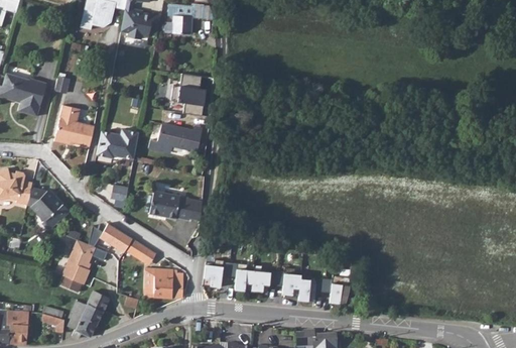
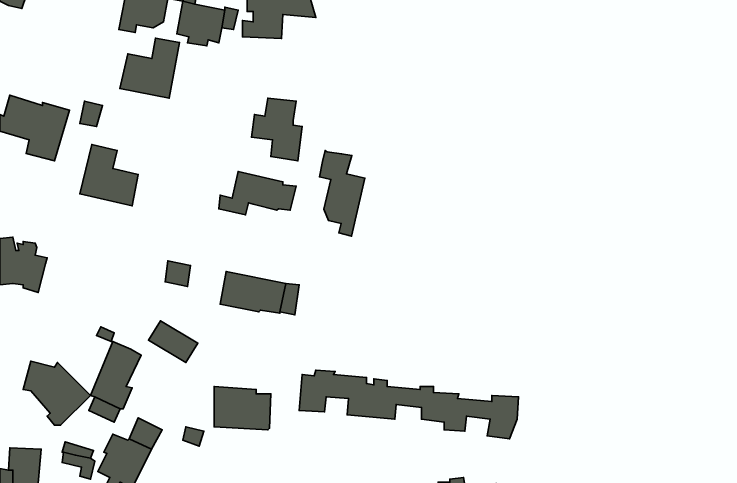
building: none -> [120,38,179,98]
building: none -> [319,150,365,236]
building: [96,129,138,158] -> none
building: [26,186,72,229] -> [23,361,90,425]
building: [126,239,157,265] -> none

